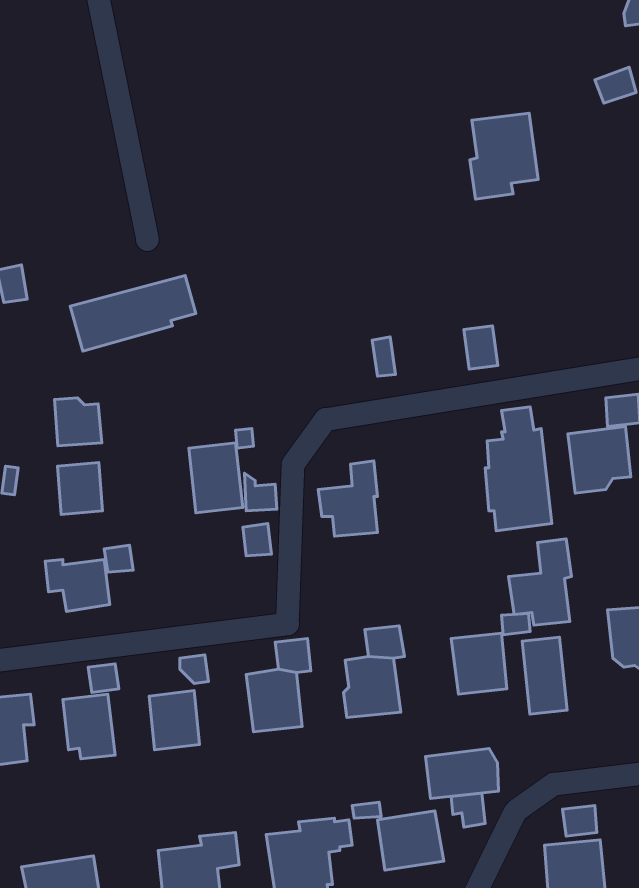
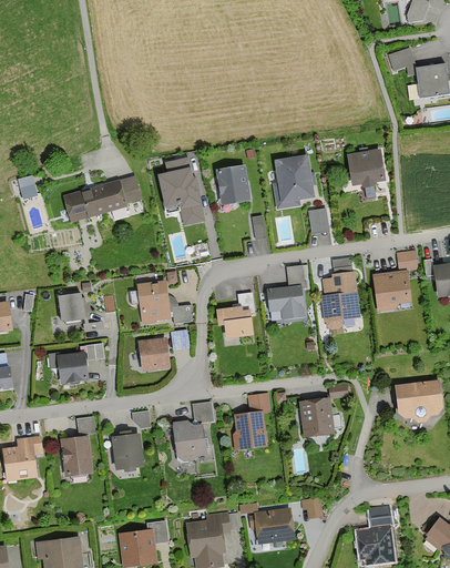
building: [470,113,538,199] -> [273,155,315,209]
building: none -> [347,149,386,187]
building: none -> [163,163,203,221]
building: none -> [217,164,250,203]
building: [54,398,102,446] -> none
building: none -> [139,337,171,372]
building: [509,539,572,625] -> [267,265,306,318]
building: [522,637,567,714] -> none
building: [426,748,499,799] -> none

